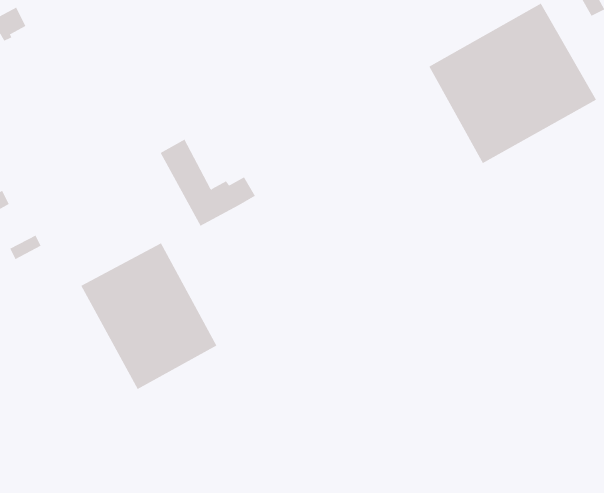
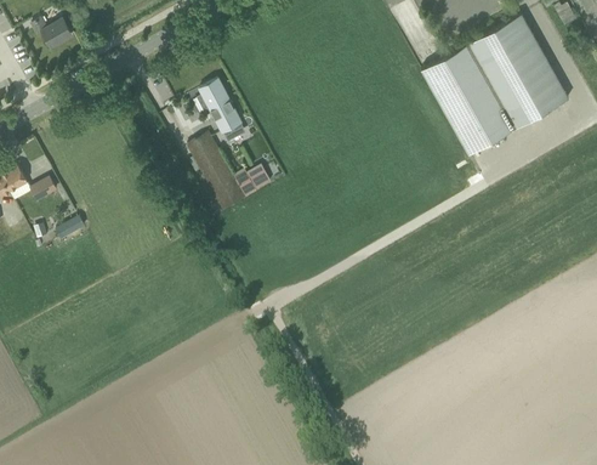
building: none -> [198,79,243,141]
building: [80,242,217,390] -> none

